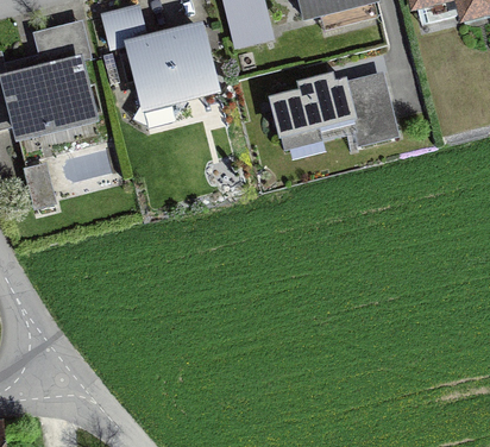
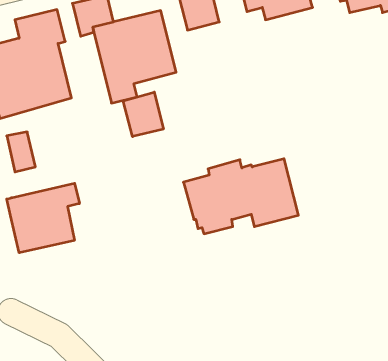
building: [266,69,400,156] -> [183,159,298,234]
building: none -> [123,92,163,137]
building: none -> [7,183,79,253]

